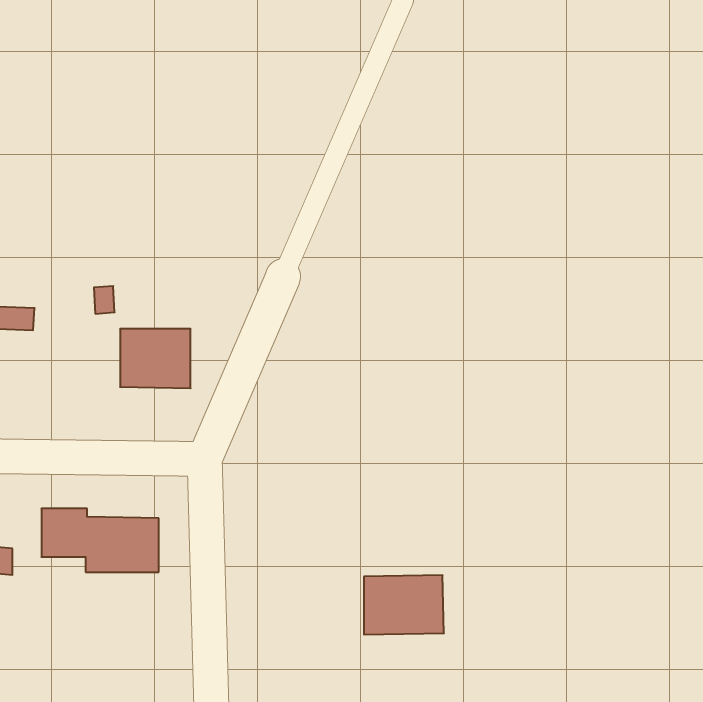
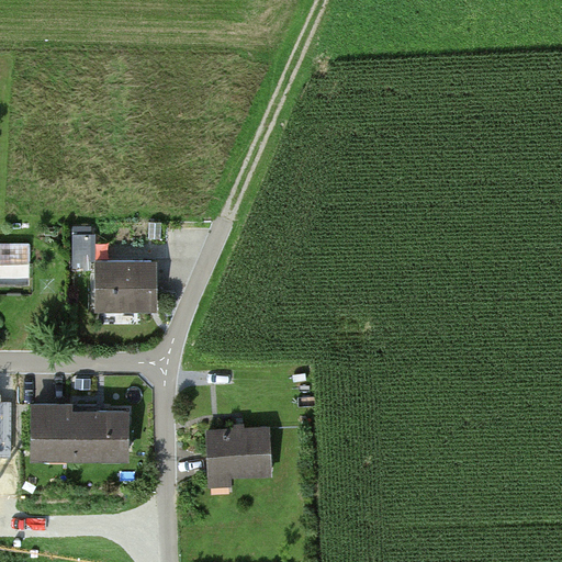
building: [364,575,444,635] -> [206,428,270,475]

